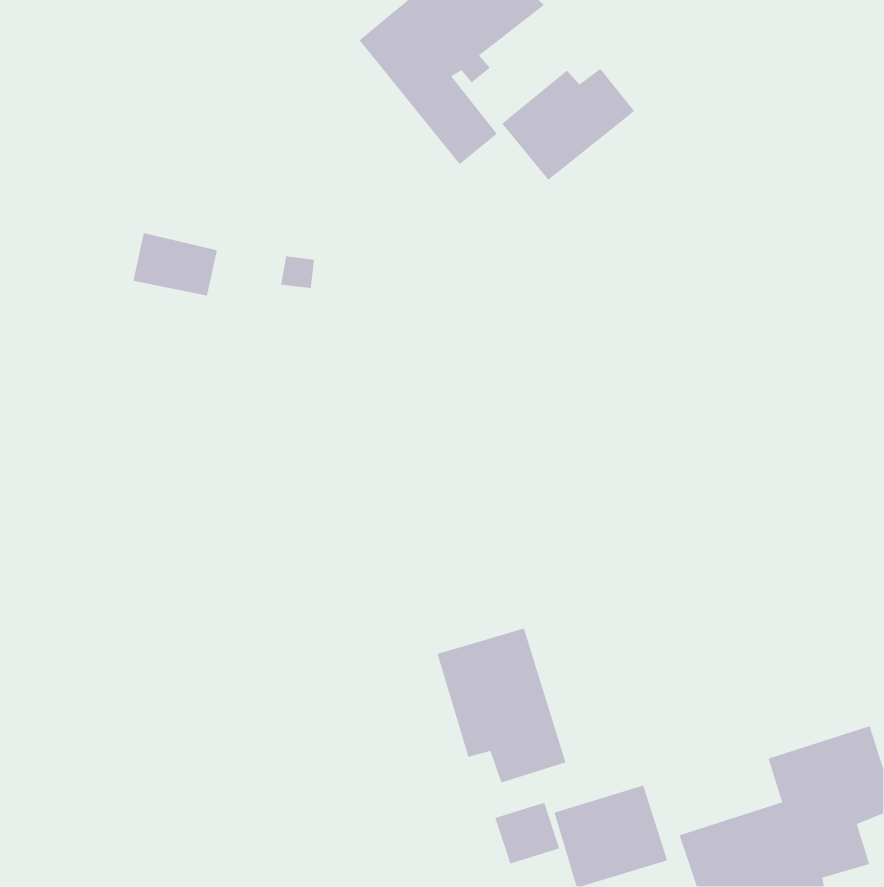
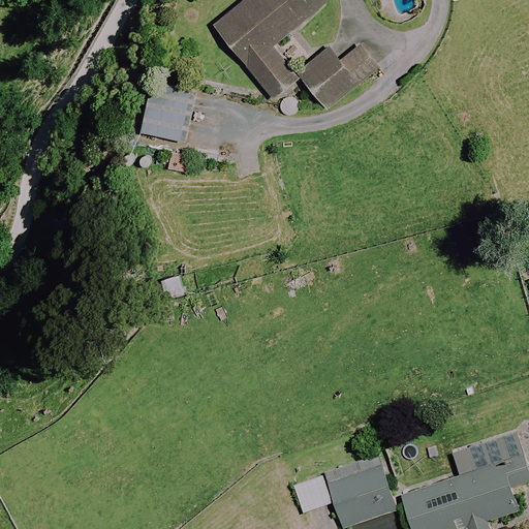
building: [133,232,218,297] -> [141,102,191,141]
building: [437,627,566,783] -> none

